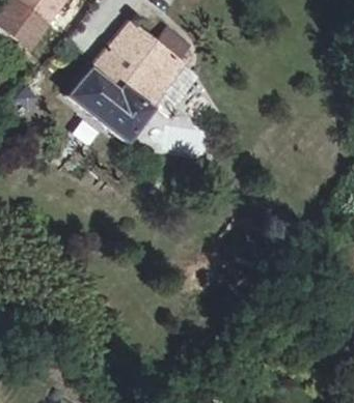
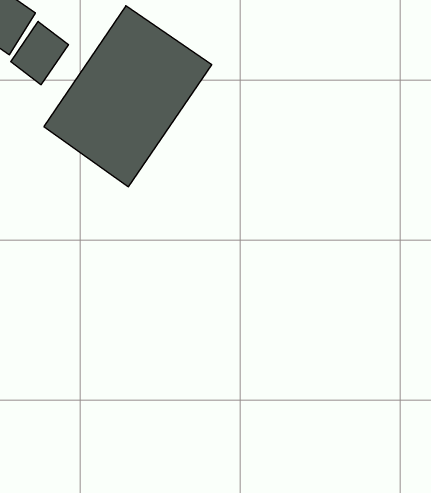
building: none -> [11,21,68,85]

